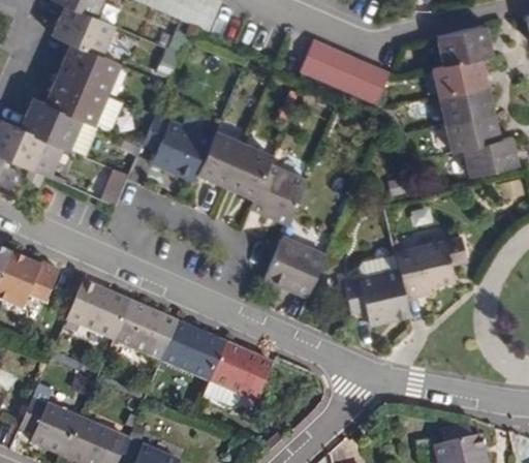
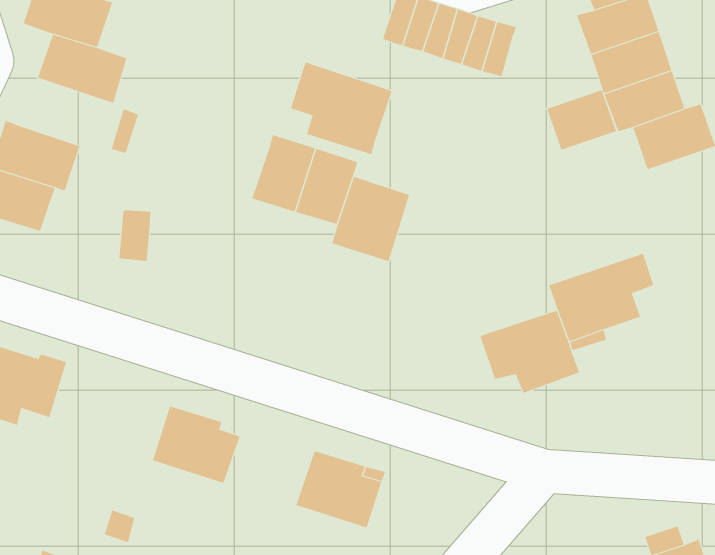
building: [44,72,110,127] -> none
building: [142,110,213,178] -> [290,62,393,155]
building: none -> [546,89,617,150]
building: [264,234,324,295] -> none
building: [63,289,127,342] -> none
building: [159,331,223,382] -> none

